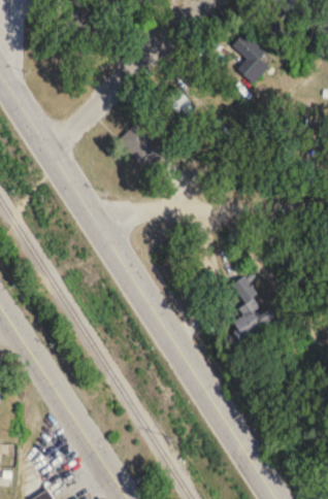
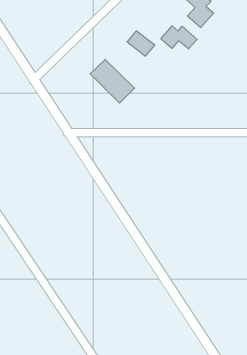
building: none -> [161,26,197,49]
building: [231,271,269,340] -> none

